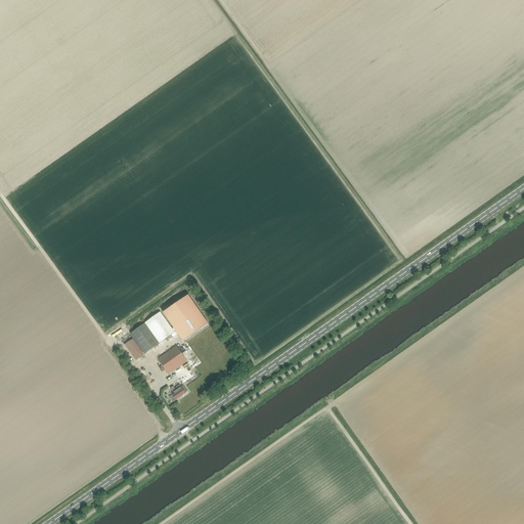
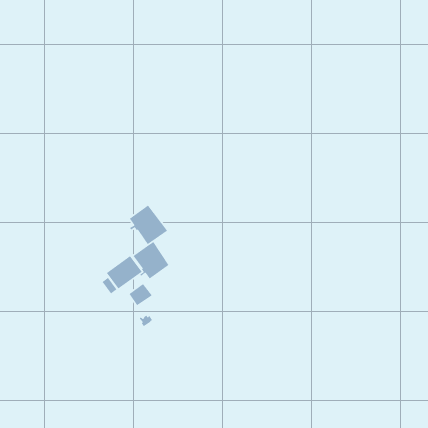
building: none -> [129,204,168,245]

